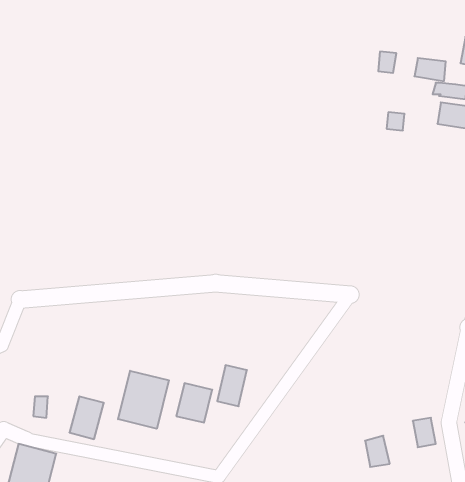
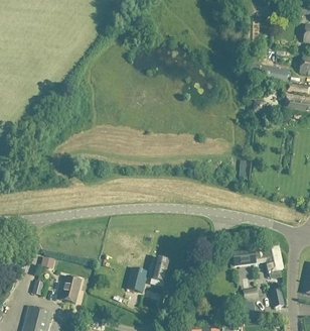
building: none -> [232,246,283,271]
building: [118,371,169,429] -> none

